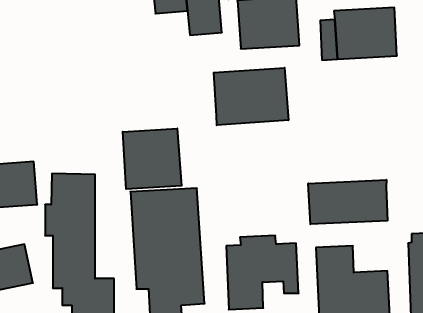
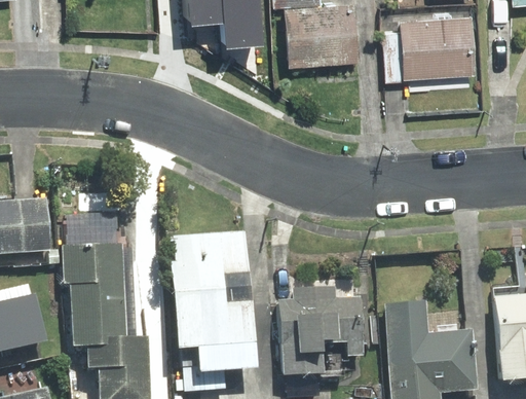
building: [214,68,288,125] -> none
building: [123,128,182,189] -> none
building: [308,180,387,224] -> none

